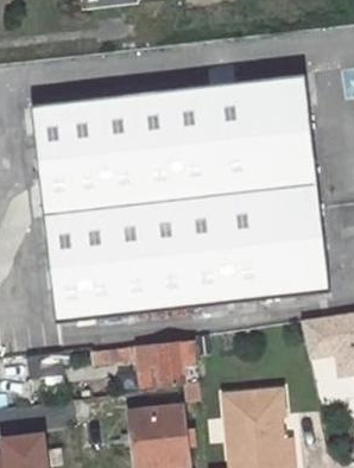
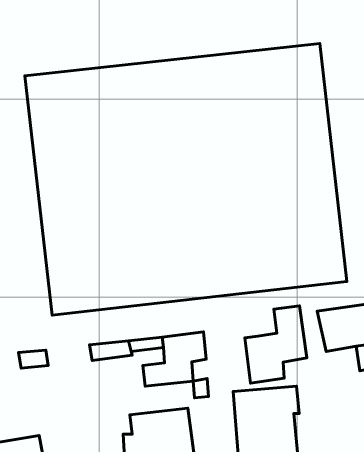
building: none -> [245,306,307,383]

